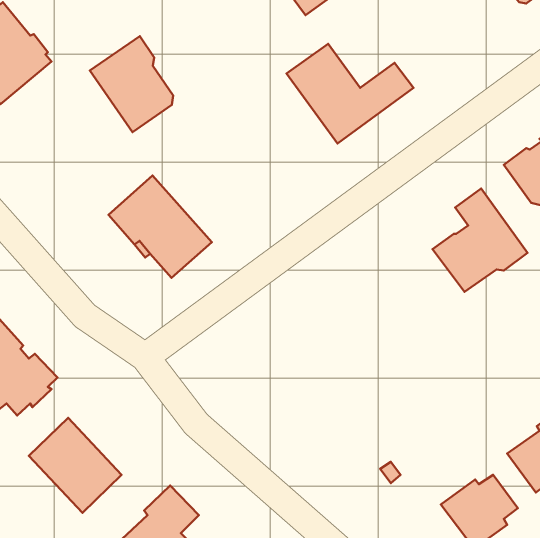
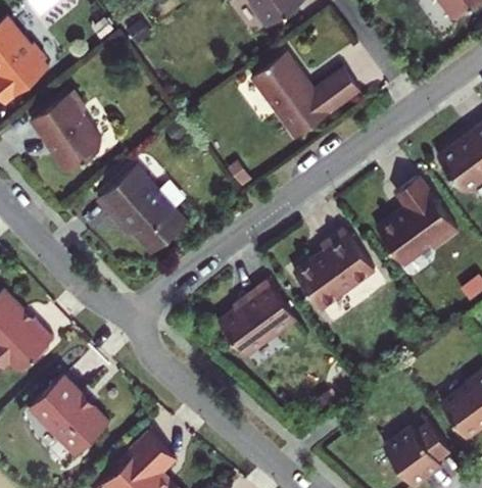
building: [90,36,173,132] -> [30,90,101,173]
building: none -> [293,228,375,310]
building: none -> [219,281,296,357]

